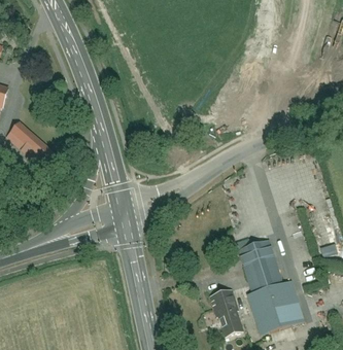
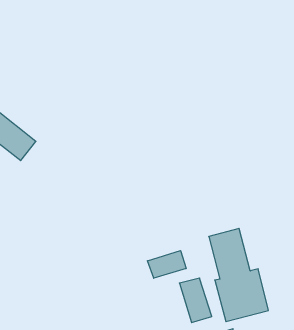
building: none -> [147,251,186,278]

